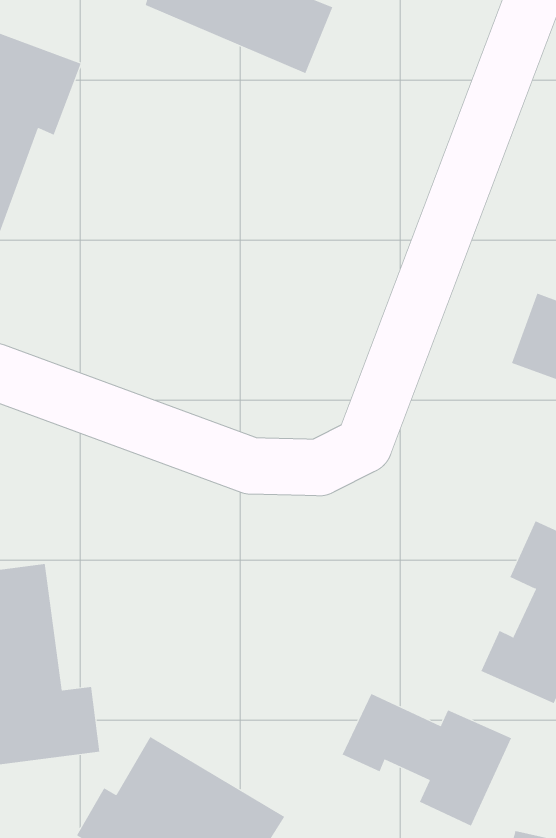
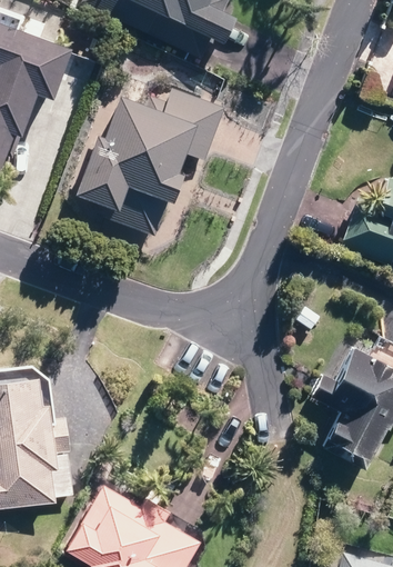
building: none -> [71,87,223,232]
building: [342,693,512,826] -> none

